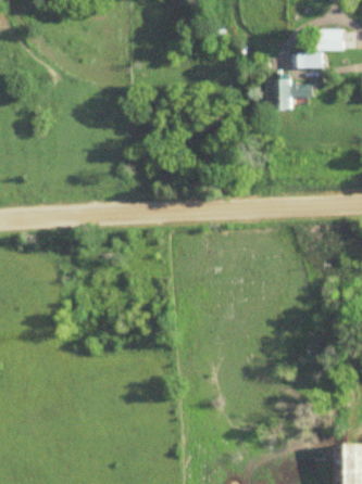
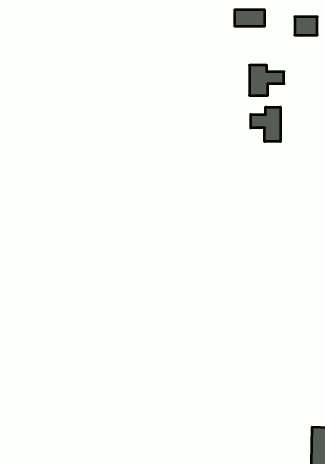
building: [292,52,323,68] -> [235,10,265,26]
building: none -> [251,107,280,142]

